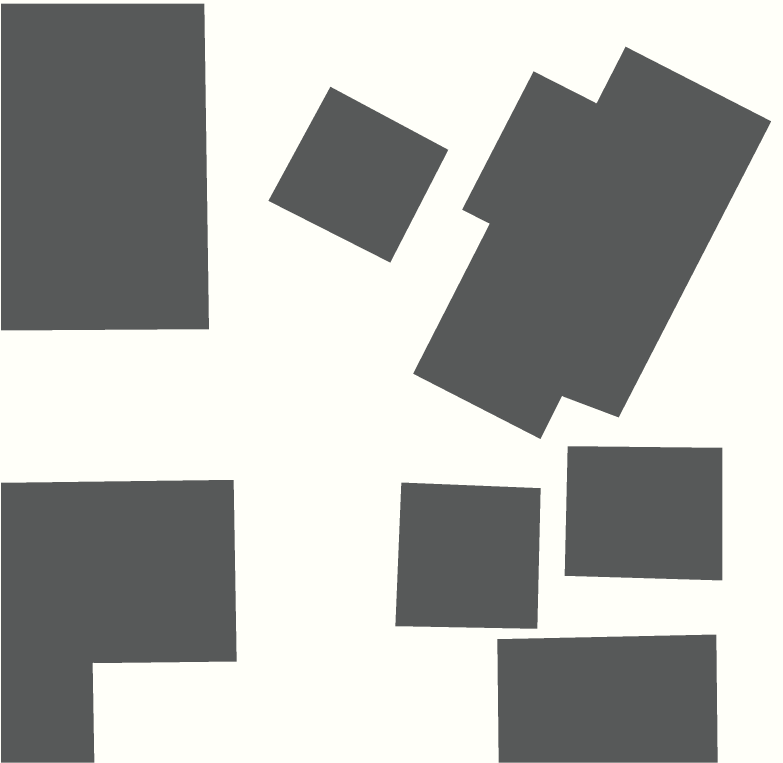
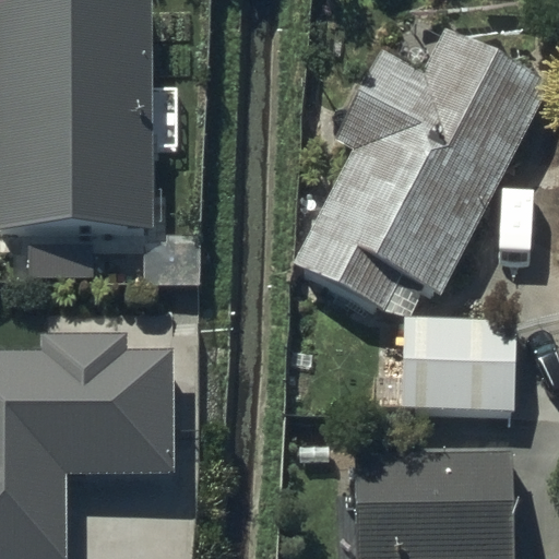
building: [268,86,449,263] -> none
building: [395,482,541,629] -> none

